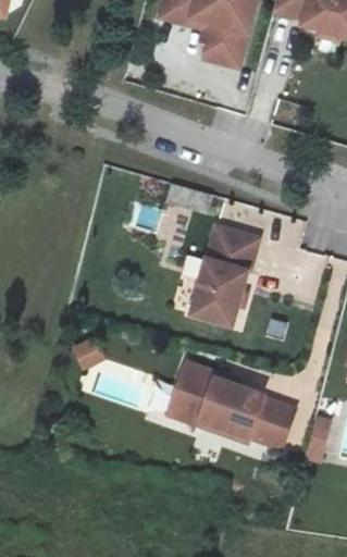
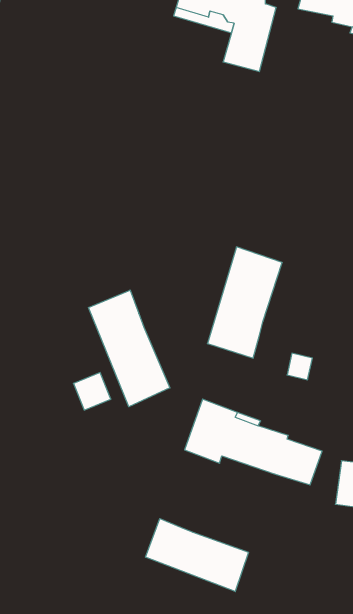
building: none -> [89,290,170,407]
building: none -> [146,519,248,592]

